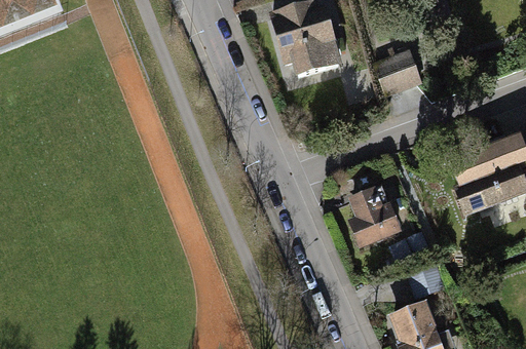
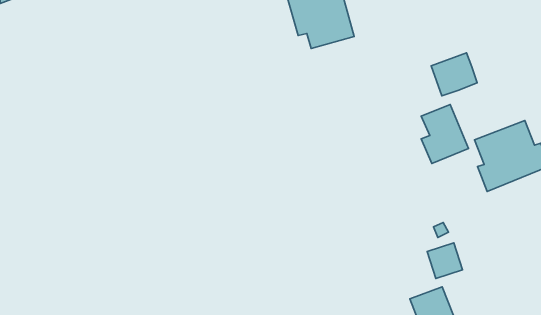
building: [376,49,420,90] -> [431,53,477,96]
building: [352,186,398,242] -> [421,104,468,163]

